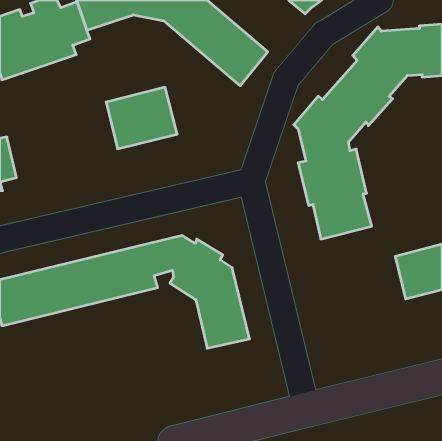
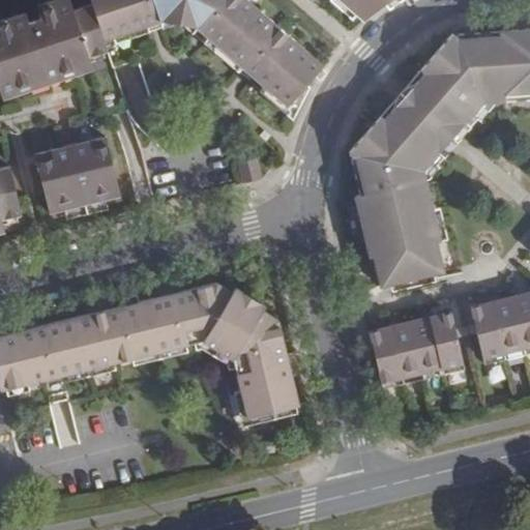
building: [106,87,177,149] -> [34,139,119,212]
building: none -> [369,314,463,384]

